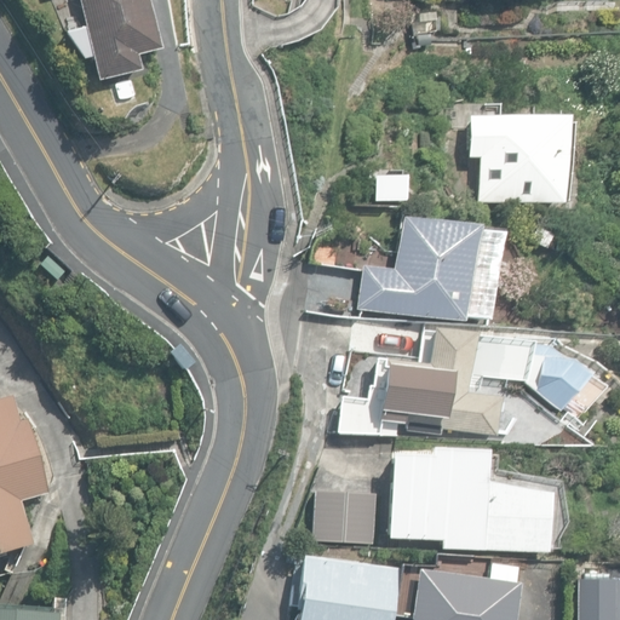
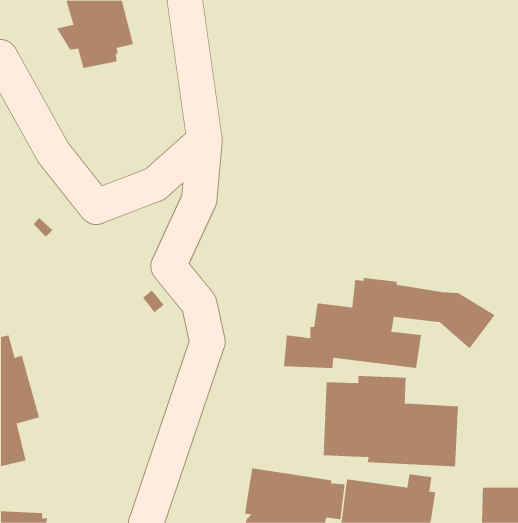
building: [470,109,566,205] -> none
building: [360,220,498,323] -> none
building: [316,490,379,544] -> none

